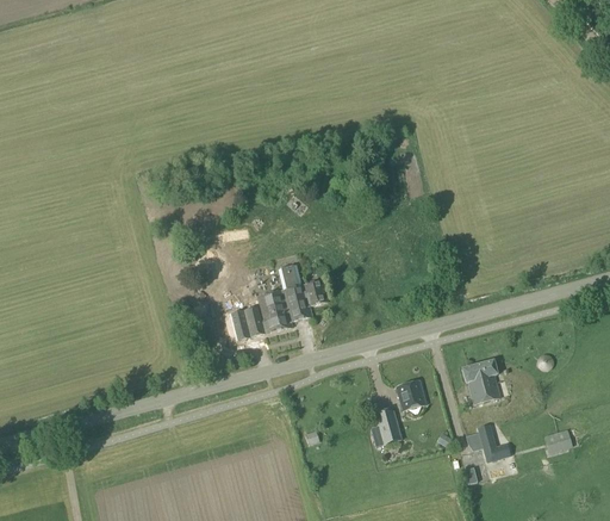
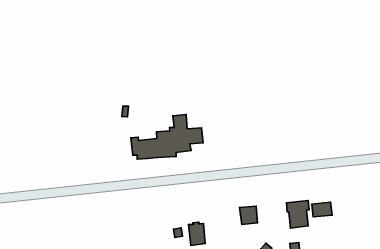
building: none -> [312,202,332,217]
building: [373,409,402,445] -> [188,222,205,245]

